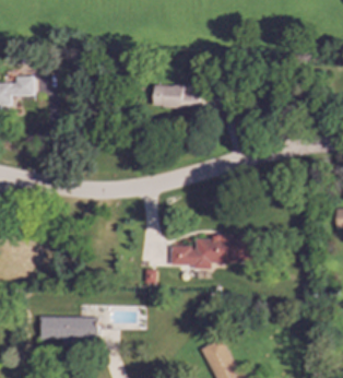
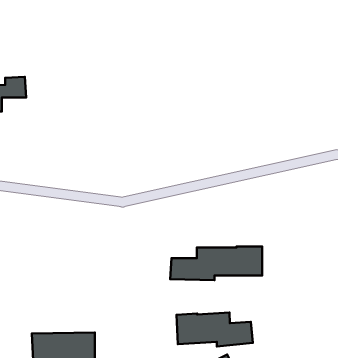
building: [152,84,198,107] -> none
building: none -> [176,312,253,346]

